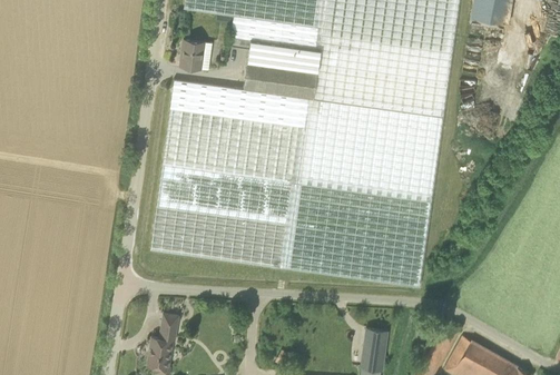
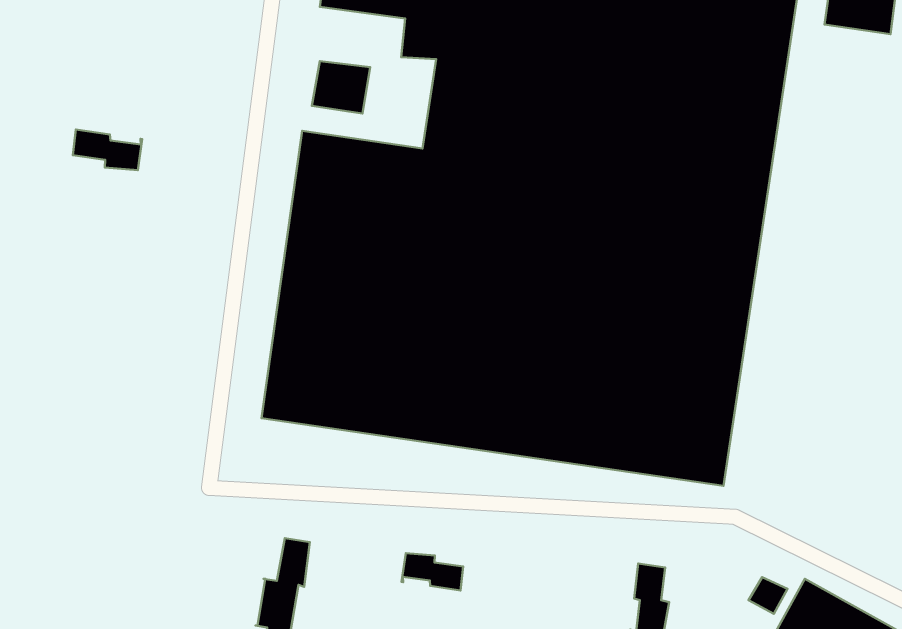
building: none -> [73,129,142,170]
building: none -> [402,553,463,591]

